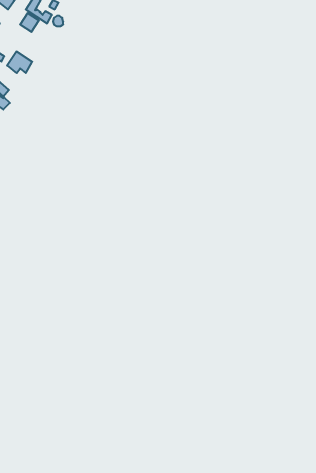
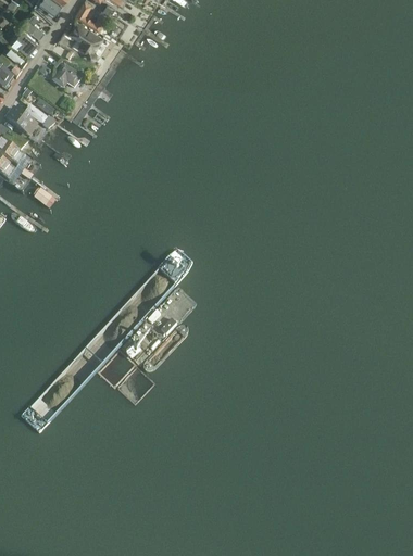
building: none -> [77,25,103,58]

